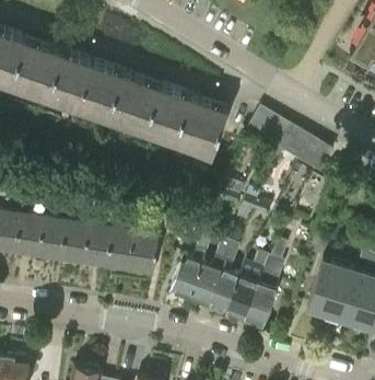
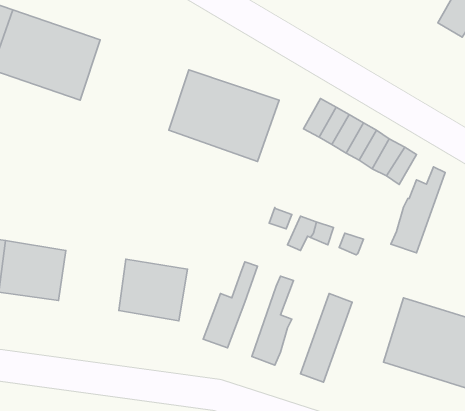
building: [77,62,160,131] -> none
building: [60,223,112,269] -> none
building: [189,247,226,304] -> none
building: [225,252,267,318] -> [391,167,445,253]

